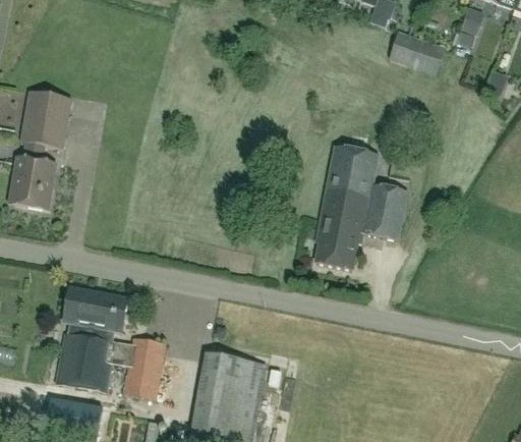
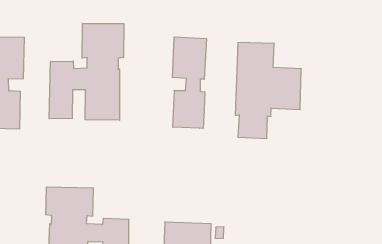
building: none -> [49,23,124,120]
building: none -> [172,37,207,128]

